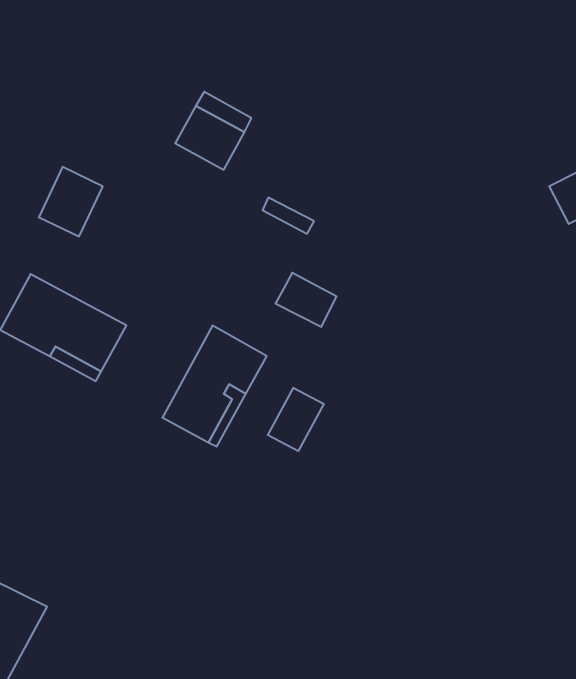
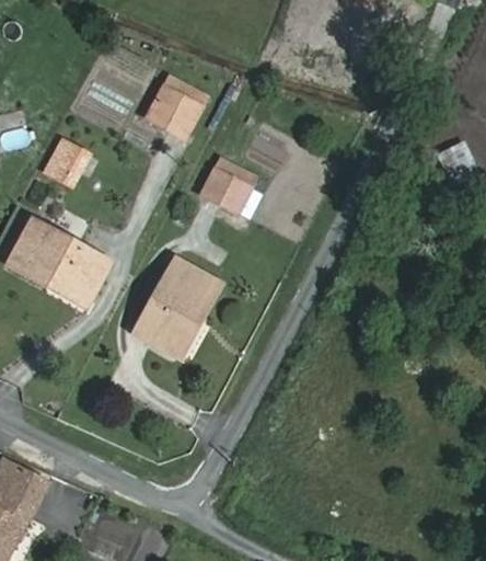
building: [275,273,337,327] -> [201,169,250,211]
building: [268,388,324,451] -> none

